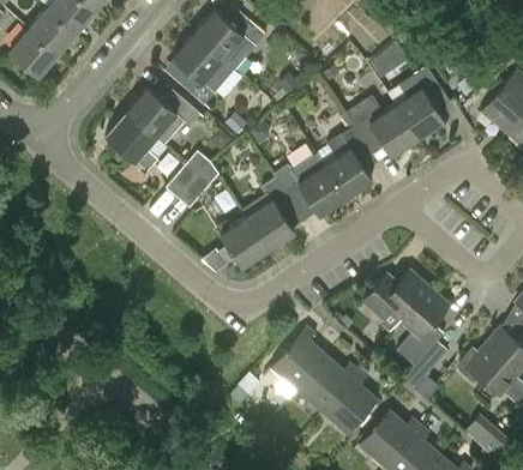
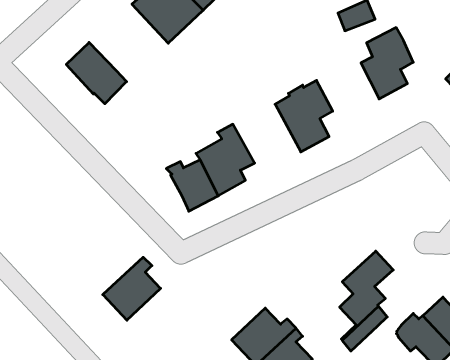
building: [126,84,199,146] -> none
building: [345,95,417,155] -> none
building: [166,151,218,207] -> none
building: [273,153,345,215] -> none
building: [362,270,429,331] -> none
building: [270,326,326,390] -> [103,257,161,320]

